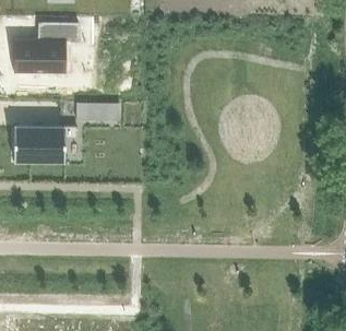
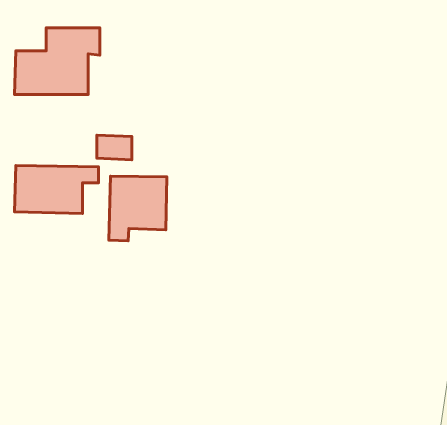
building: none -> [109,176,167,241]

